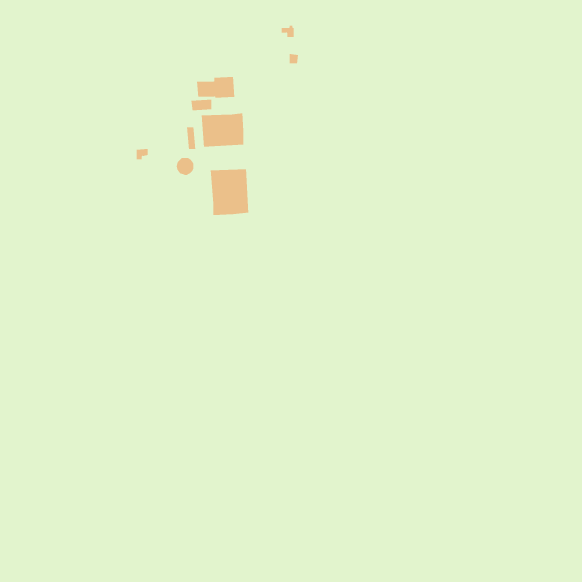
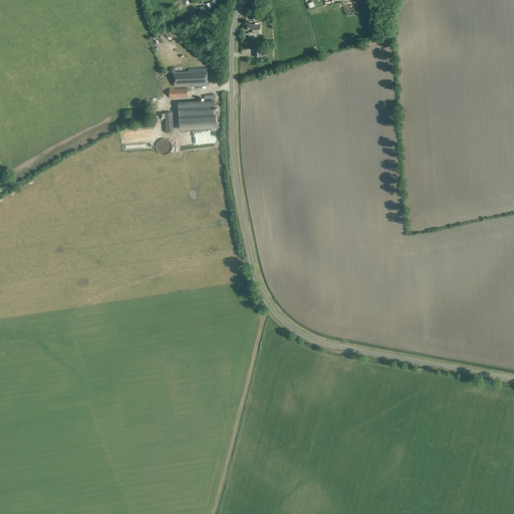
building: [210,168,249,216] -> none

